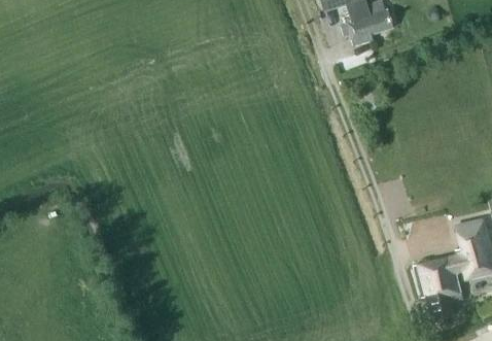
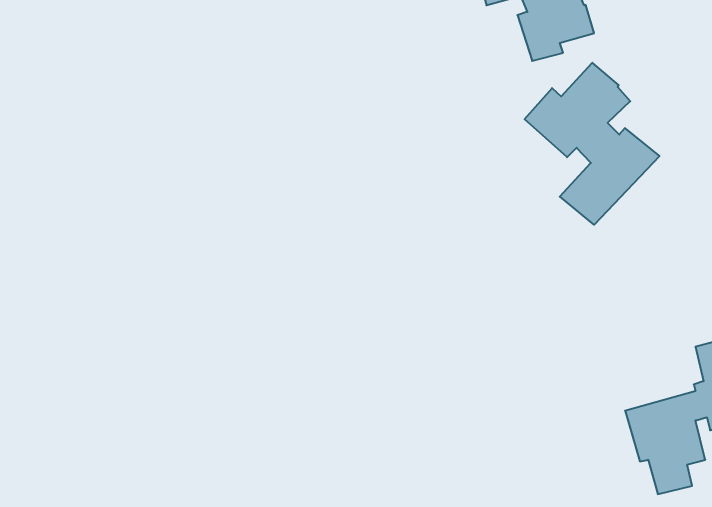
building: none -> [525,63,659,225]

